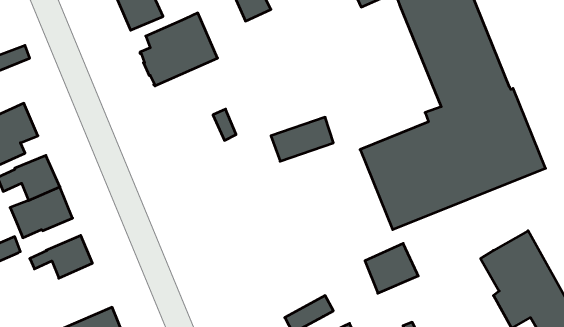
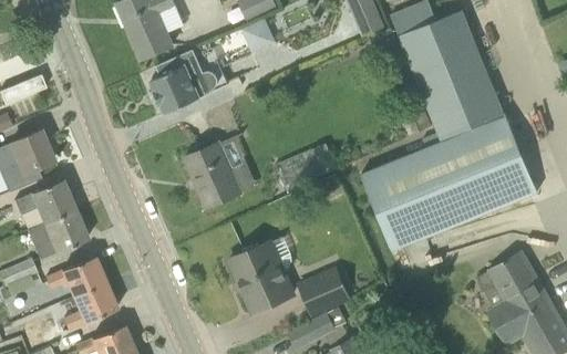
building: none -> [185,143,241,207]
building: none -> [229,241,292,312]
building: [365,243,418,293] -> [299,266,350,313]
building: none -> [63,282,116,330]

